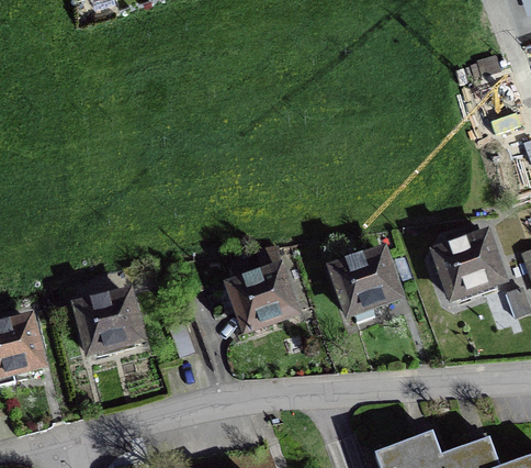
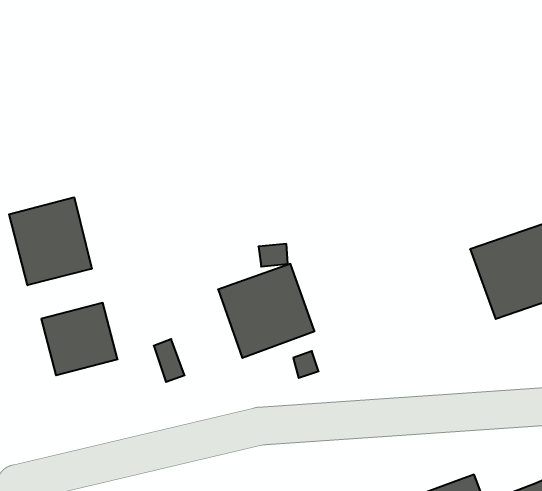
building: none -> [9,197,92,285]
building: [325,243,407,321] -> none

